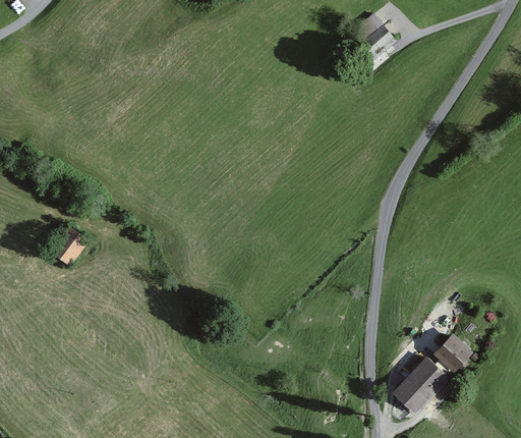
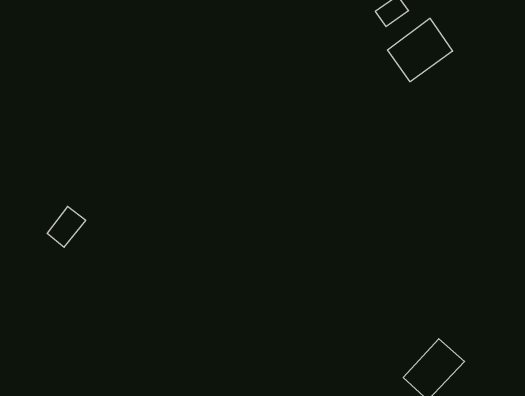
building: none -> [387,18,453,82]
building: [435,334,473,373] -> none

